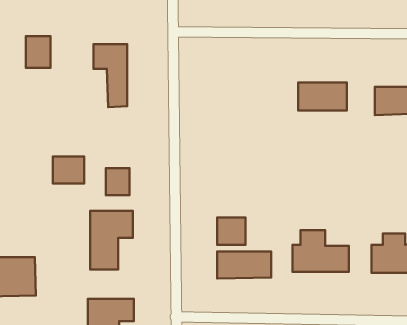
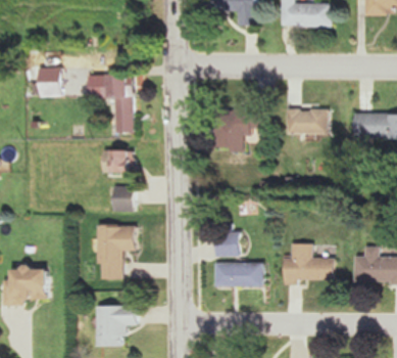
building: none -> [214,109,262,151]
building: [53,156,84,184] -> [102,150,131,175]

